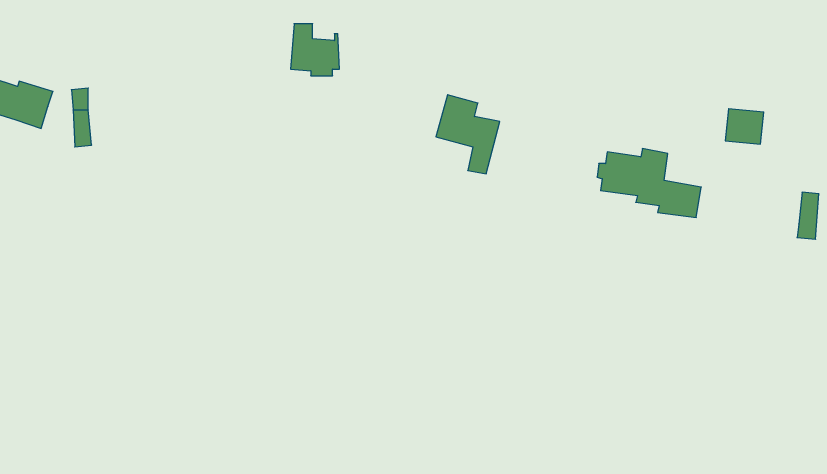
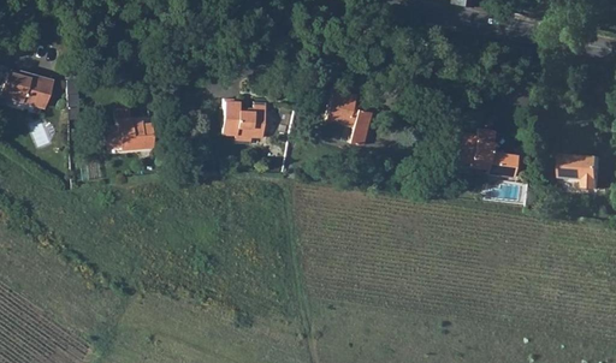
building: [291,24,339,76] -> [220,101,255,138]
building: [725,109,764,144] -> [563,155,591,180]
building: none -> [105,111,155,151]

